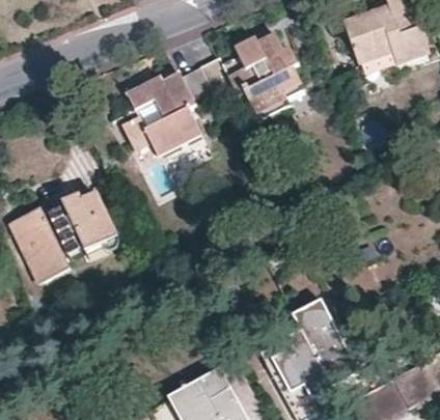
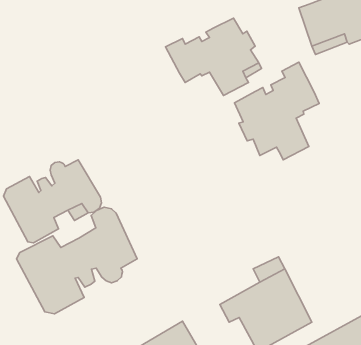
building: [121,61,212,151] -> none
building: none -> [235,62,319,160]
building: none -> [17,207,137,314]

